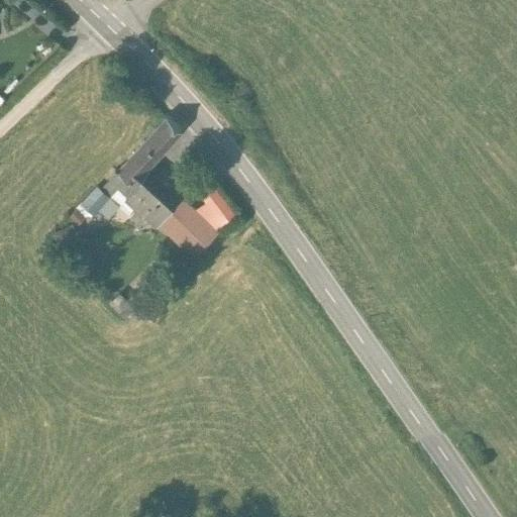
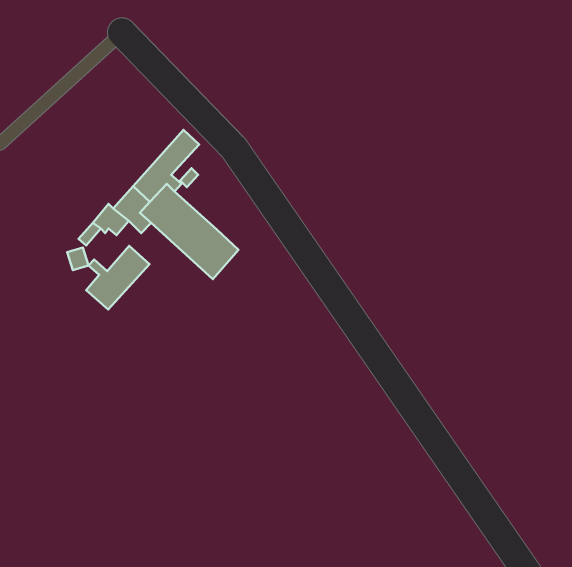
building: [196,192,233,230] -> none
building: none -> [86,246,150,310]

